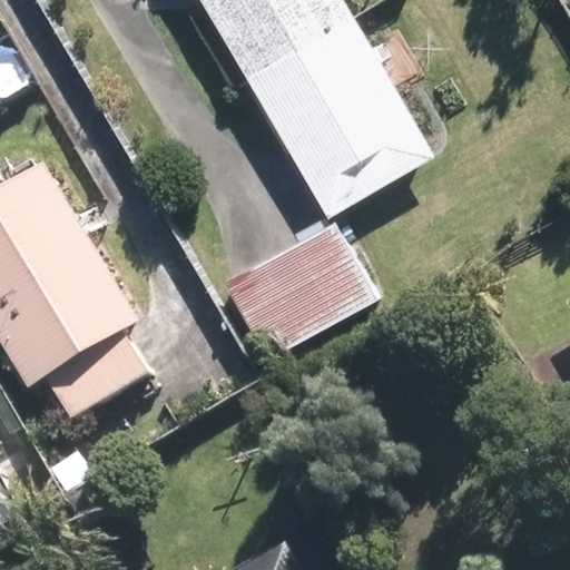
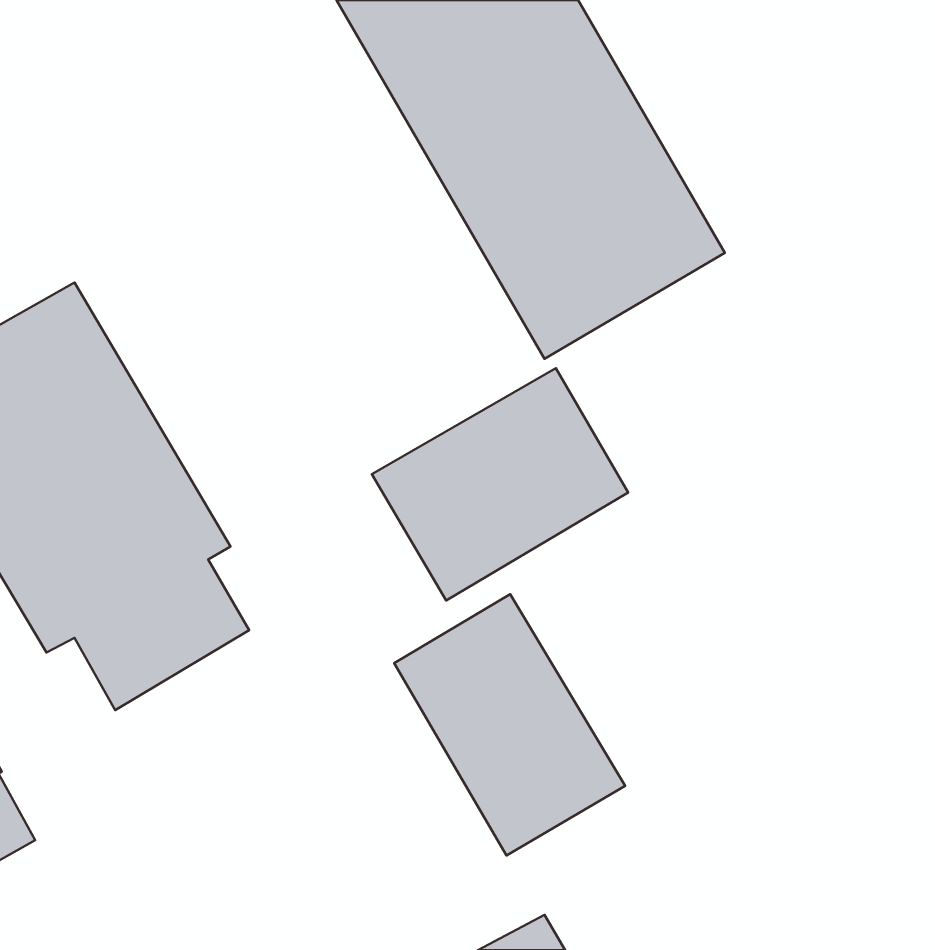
building: none -> [394,594,625,856]

